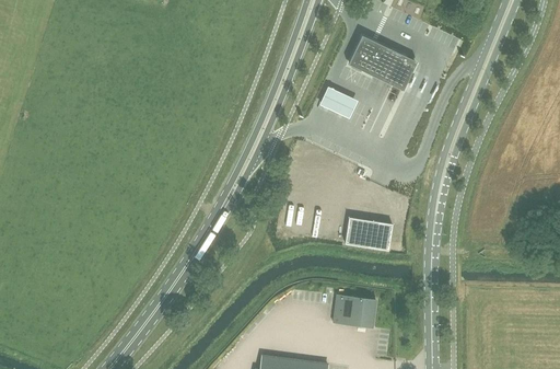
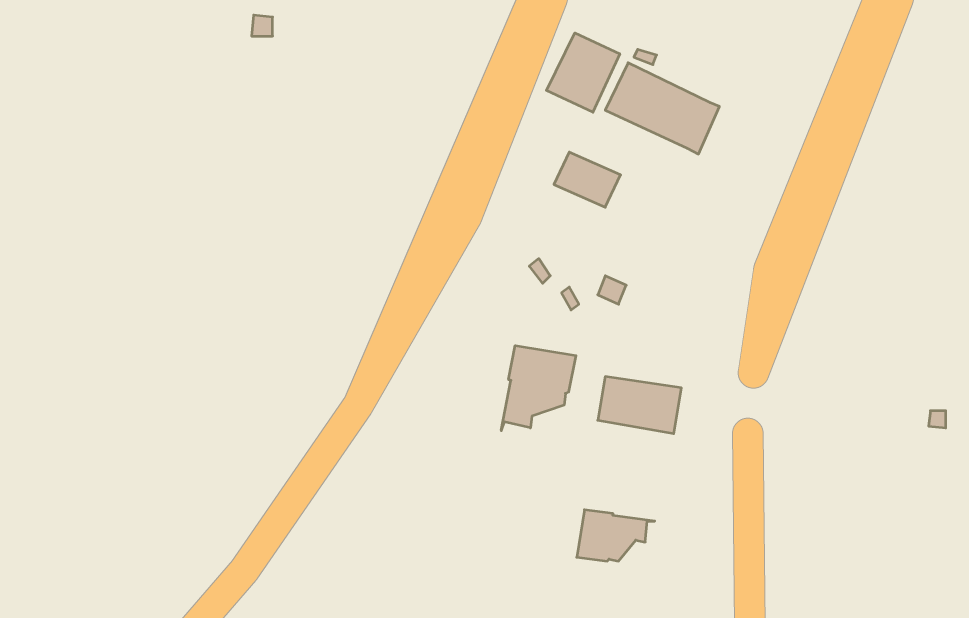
building: none -> [546,33,620,112]
building: none -> [501,346,576,431]

